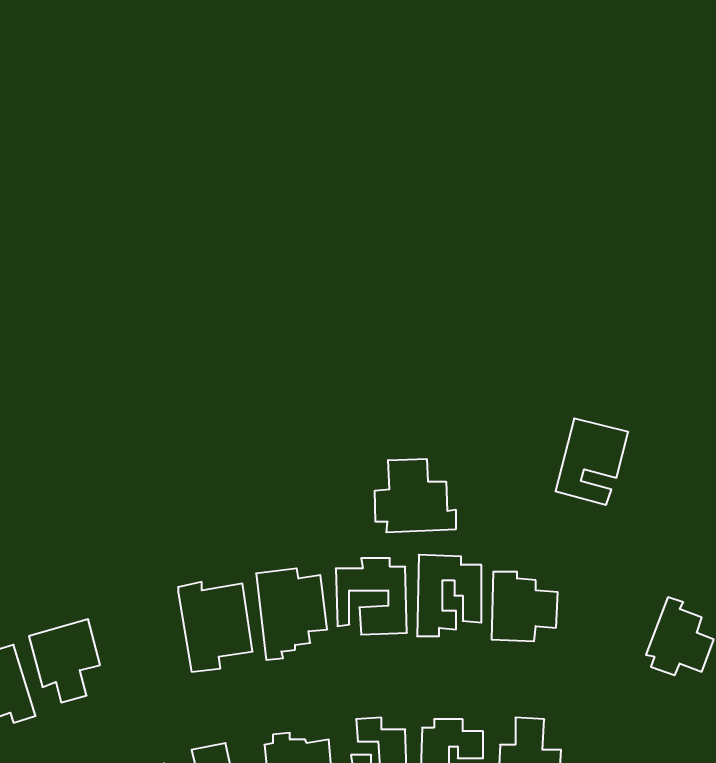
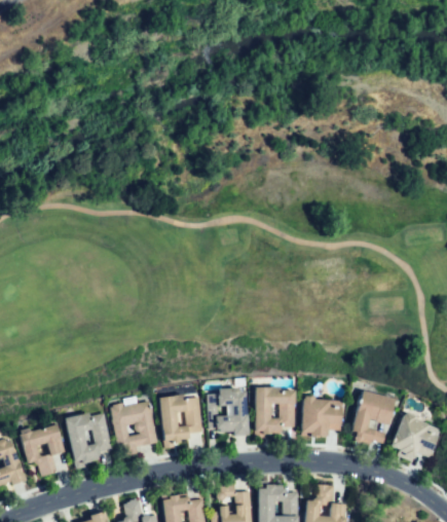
building: [555,418,628,505] -> [351,390,396,443]
building: [375,459,456,532] -> none
building: none -> [66,411,110,463]

